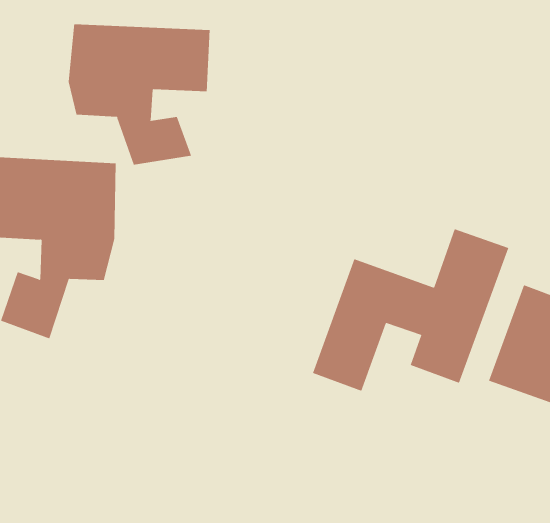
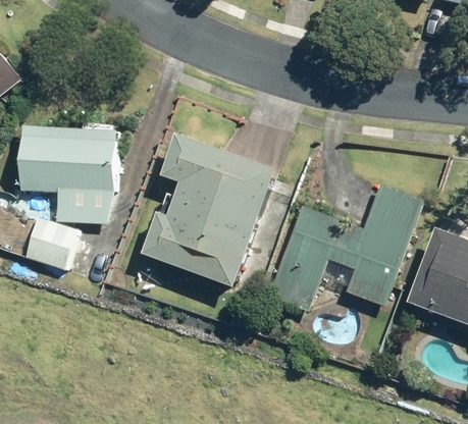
building: [68,23,210,166] -> none
building: none -> [143,136,277,288]

